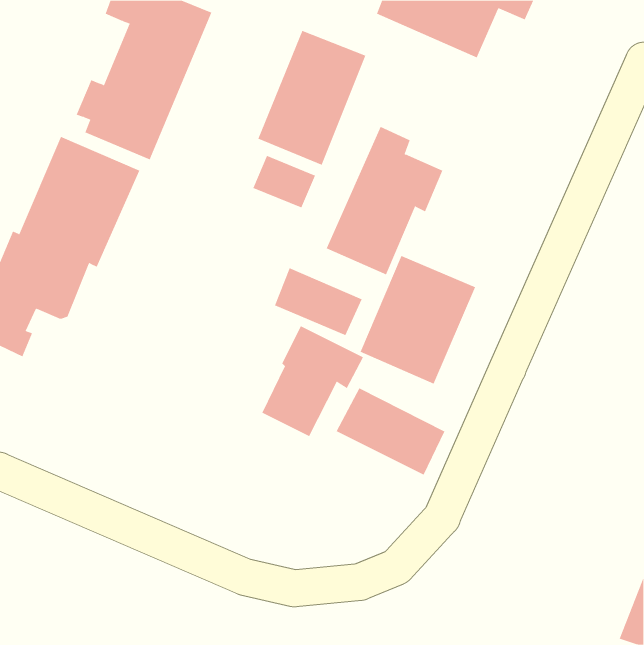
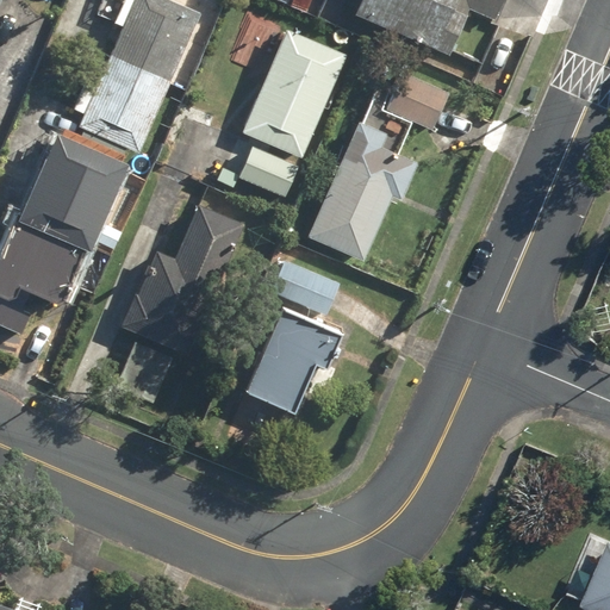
building: none -> [385,71,449,130]
building: none -> [117,206,242,397]
building: [360,255,476,385] -> none
building: [336,387,445,476] -> none

